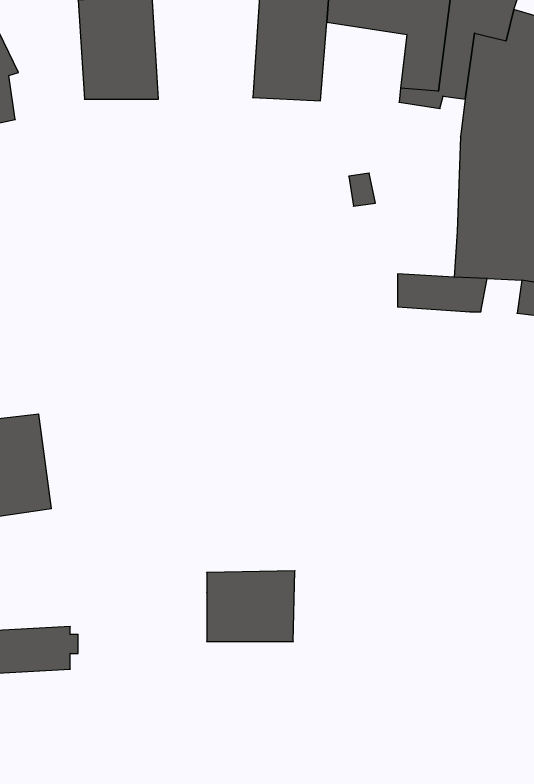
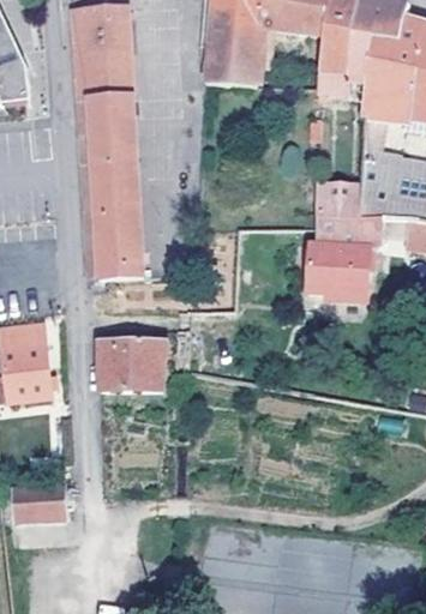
building: none -> [77,84,144,278]
building: none -> [316,182,361,219]
building: none -> [307,241,371,294]
building: [207,571,295,642] -> [97,337,164,391]

